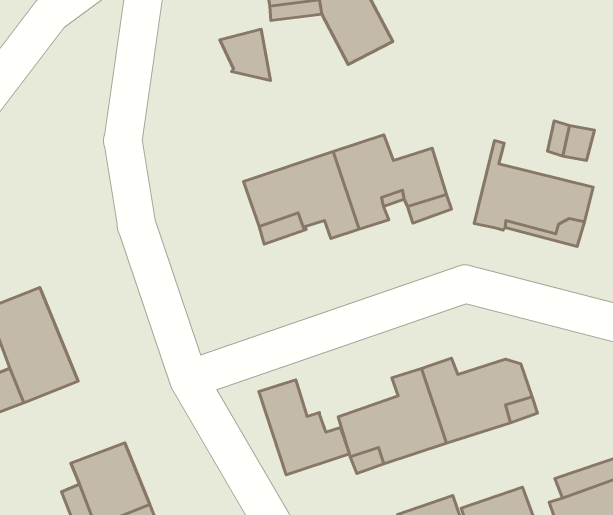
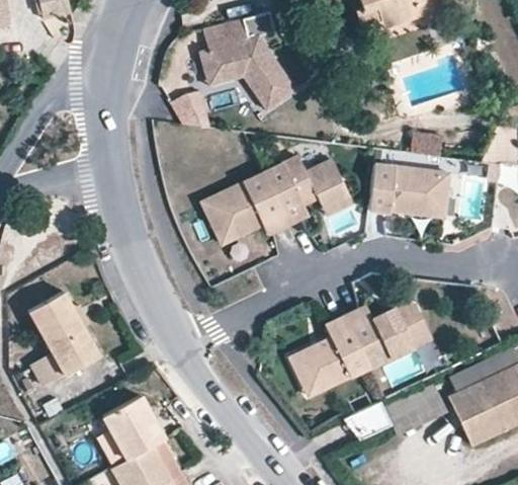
building: [259,380,349,475] -> none

